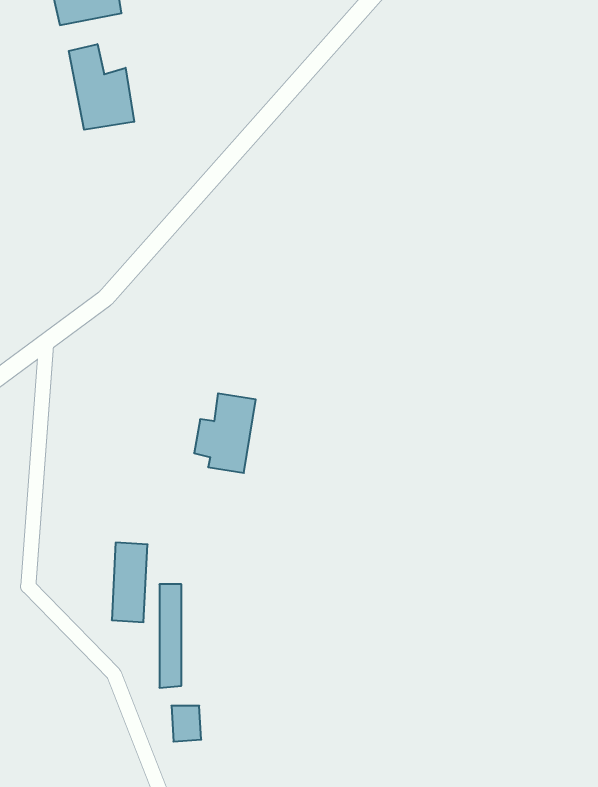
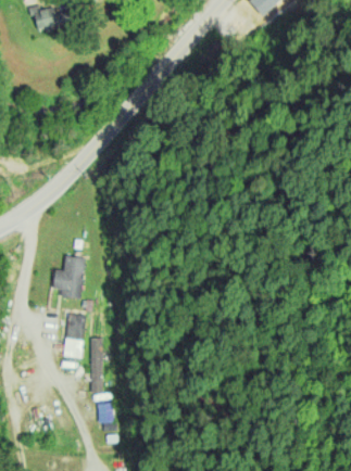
building: [69,44,134,130] -> none
building: [194,393,256,473] -> [52,256,86,300]

